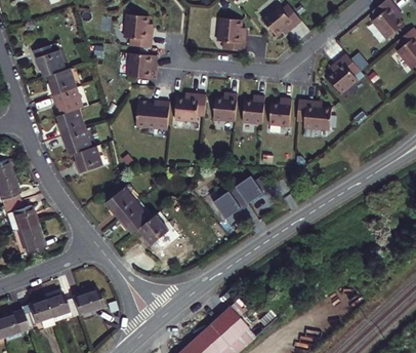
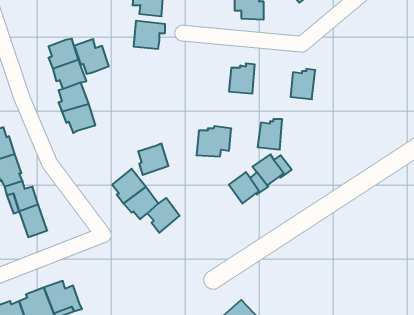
building: [33,46,65,78] -> [74,39,109,74]
building: [328,54,362,95] -> none
building: [174,92,206,120] -> [196,126,231,156]
building: [242,95,264,123] -> [258,119,282,149]
building: [296,99,331,128] -> none
building: [135,101,169,129] -> none
building: [75,147,102,175] -> [138,144,168,175]
building: [71,285,102,313] -> none

